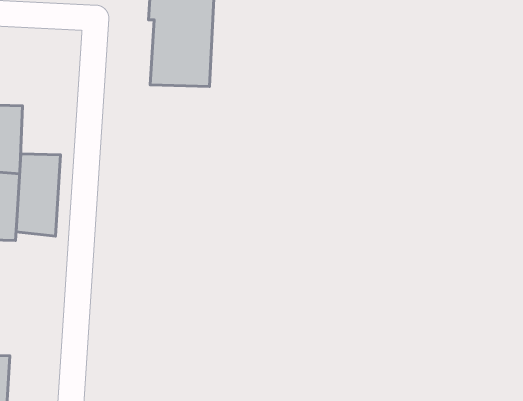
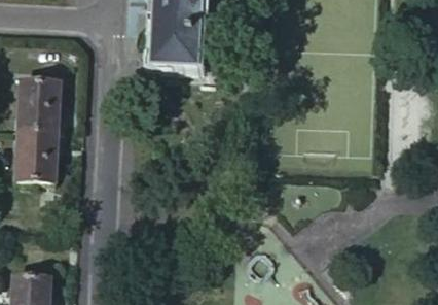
building: [16,154,61,236] -> none

